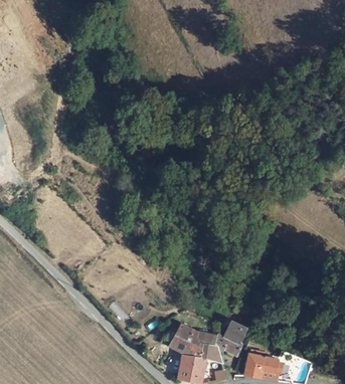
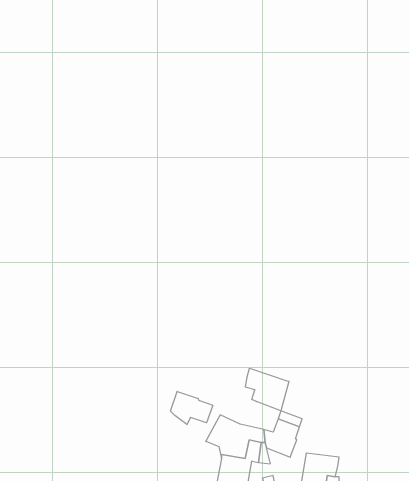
building: none -> [245,368,289,411]
building: none -> [171,391,213,425]

